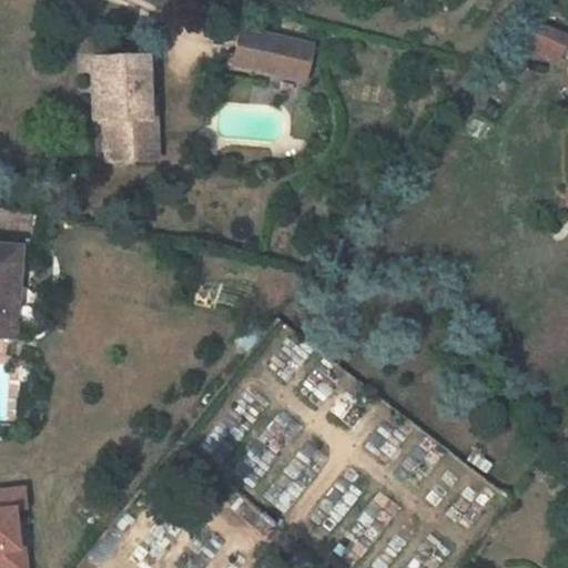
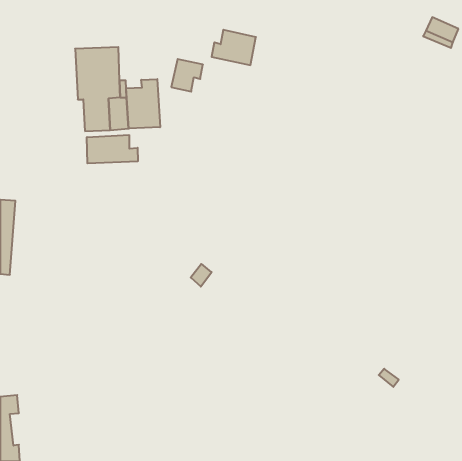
building: [235,30,274,70] -> [171,59,203,92]
building: none -> [126,79,160,129]
building: none -> [87,135,138,163]

